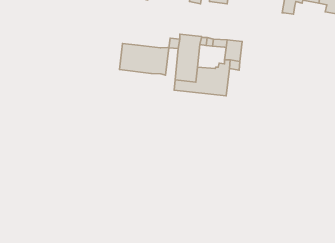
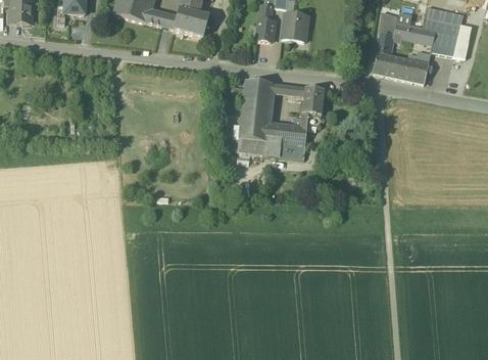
building: none -> [373,51,431,84]
building: [120,43,169,75] -> none

